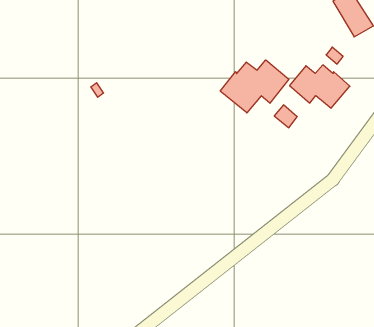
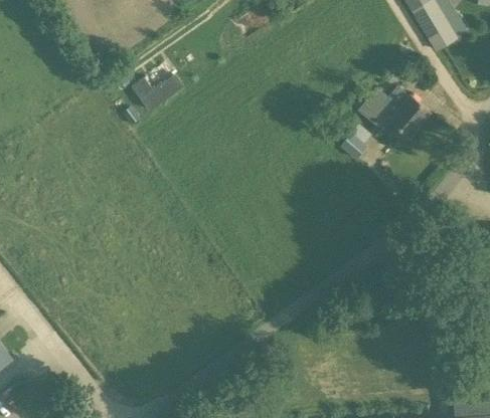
building: none -> [131,73,182,110]
building: [220,60,289,113] -> none

